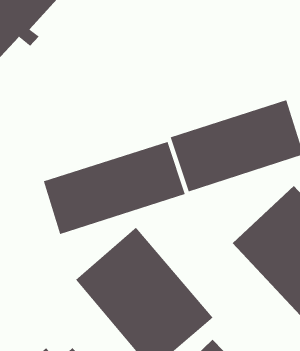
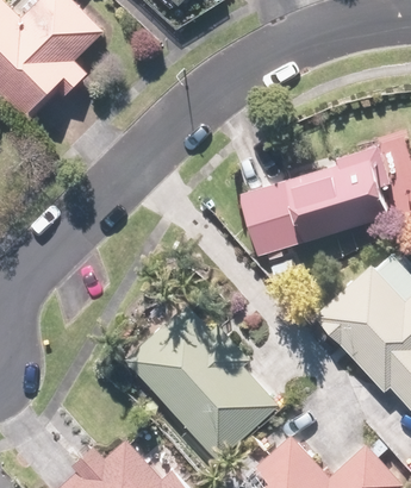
building: [43,141,185,235] -> none

